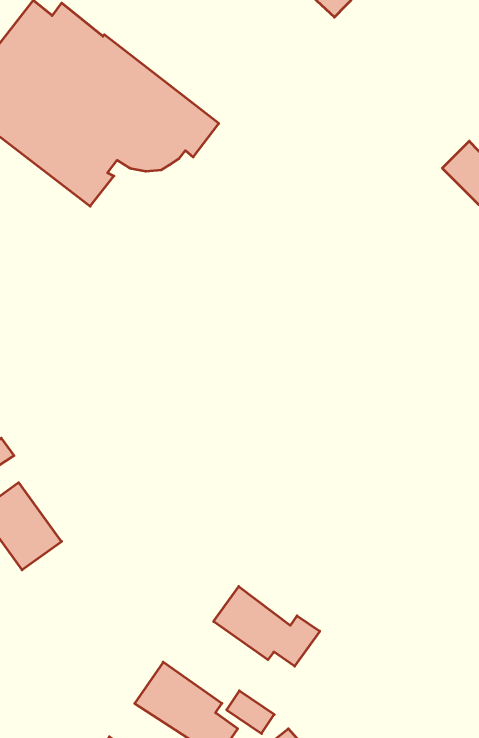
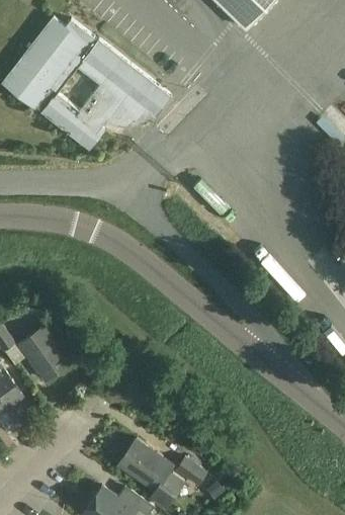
building: [214,586,320,666] -> none

